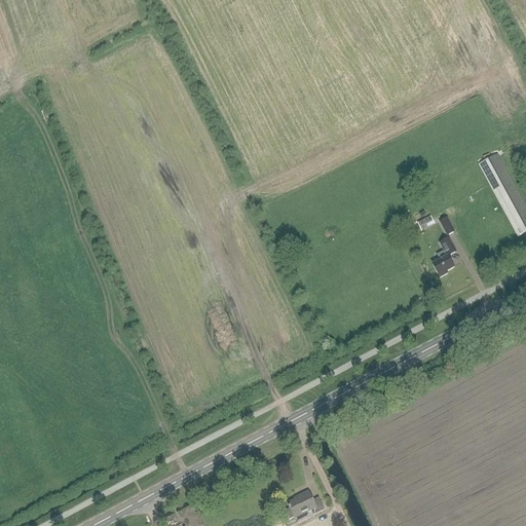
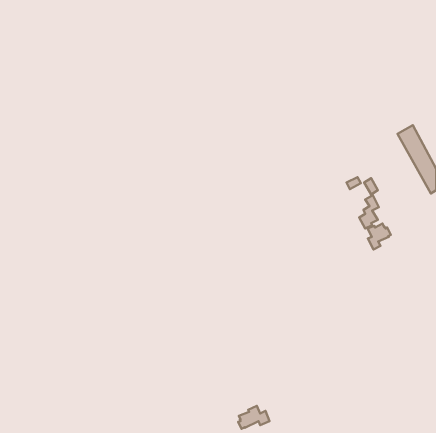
building: none -> [368,223,391,249]

